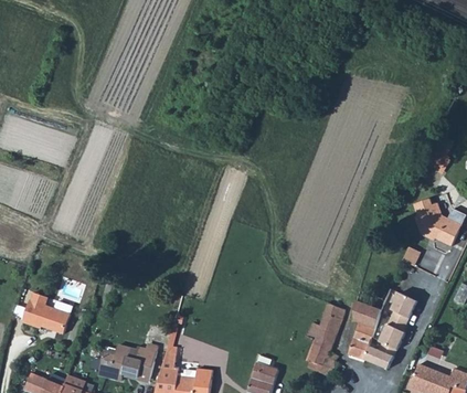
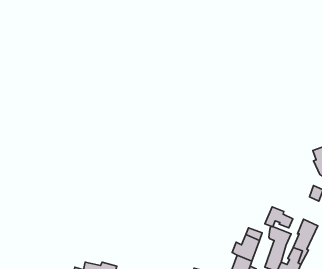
building: none -> [265,207,293,228]
building: [24,298,72,331] -> none

